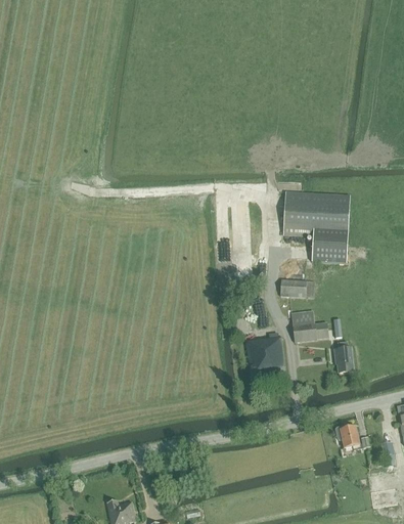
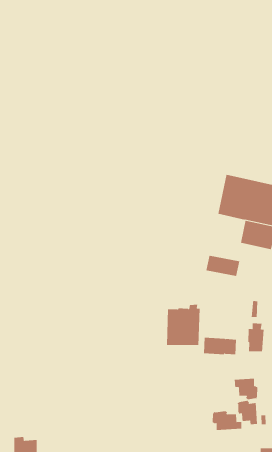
building: [291,321,328,342] -> [203,337,237,355]
building: none -> [234,378,258,400]
building: none -> [212,410,242,431]

